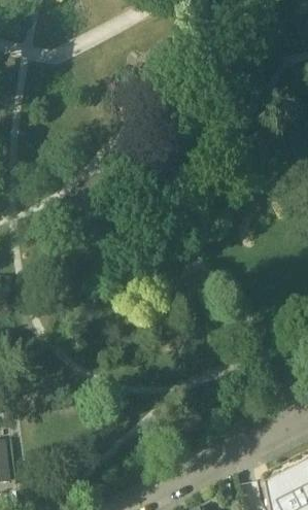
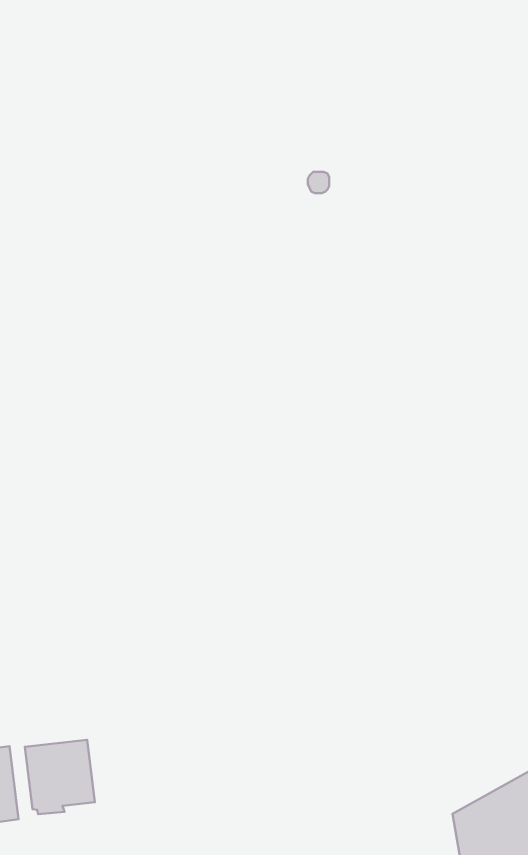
building: none -> [25,740,95,814]

